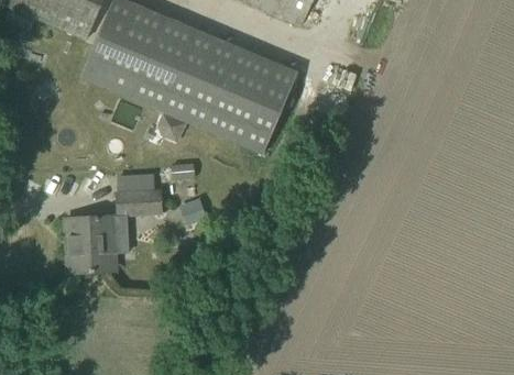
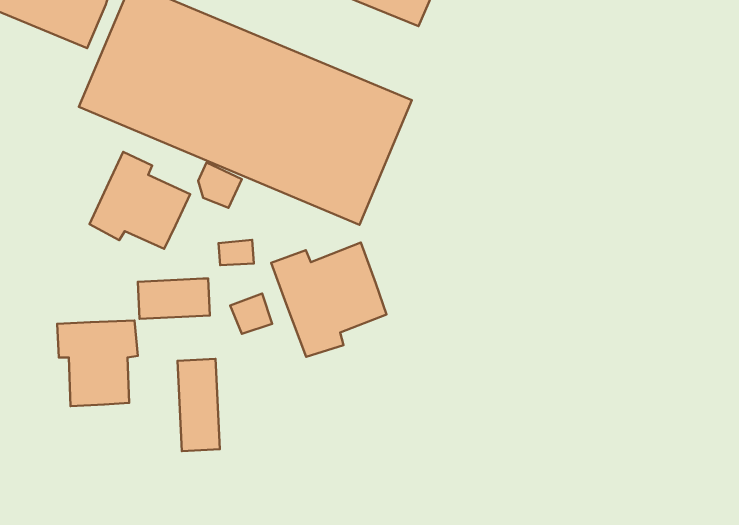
building: none -> [90,152,190,249]
building: none -> [271,243,387,357]
building: none -> [177,359,220,451]

